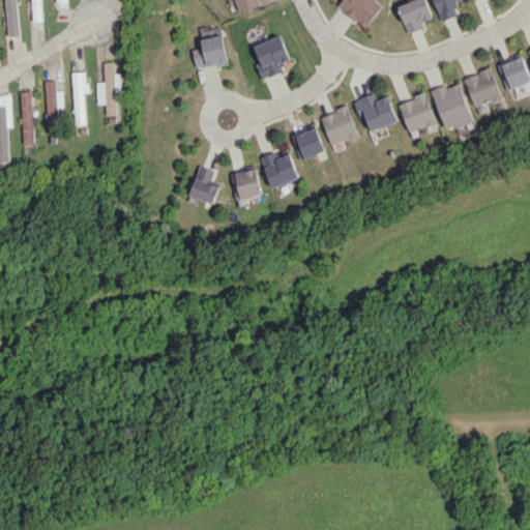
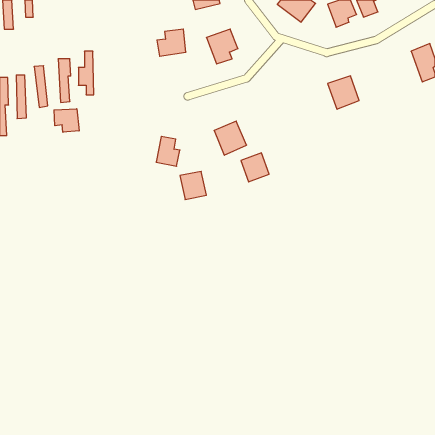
building: [464,68,502,109] -> none
building: [431,84,475,135] -> none
building: [353,95,398,130] -> none
building: [320,107,358,146] -> none
building: [291,125,325,160] -> [241,153,269,182]
building: none -> [54,109,79,132]
building: [230,167,262,201] -> [180,171,206,200]

